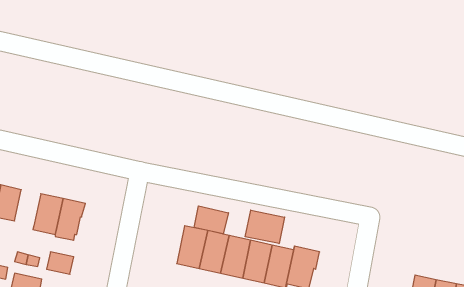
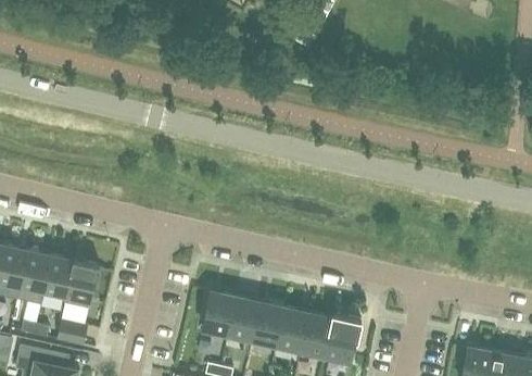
building: none -> [21,250,50,290]
building: [194,206,228,234] -> none
building: [245,210,285,244] -> none

